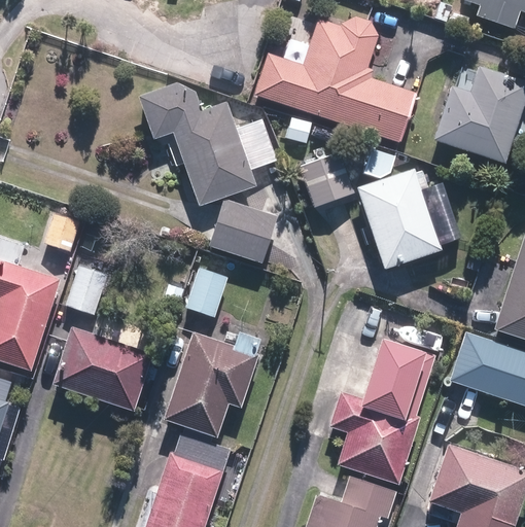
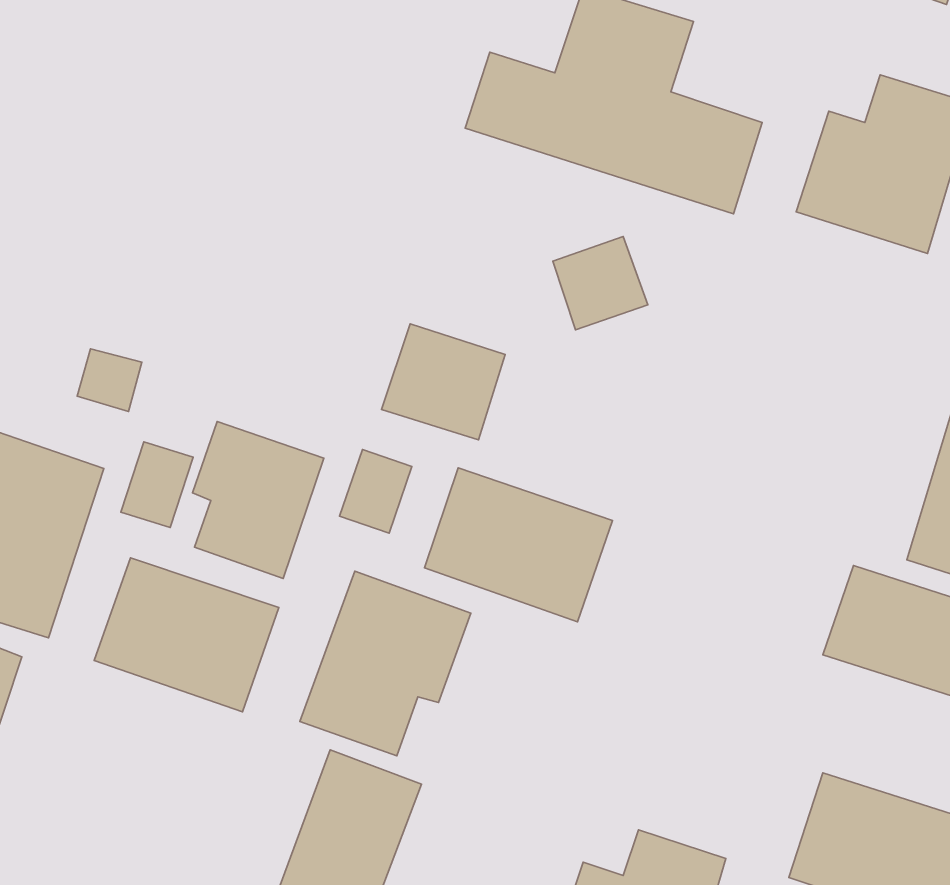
building: [140,83,277,206] -> none
building: [358,168,443,269] -> none
building: none -> [193,421,324,579]
building: none -> [425,468,612,622]
building: [331,340,434,482] -> none

